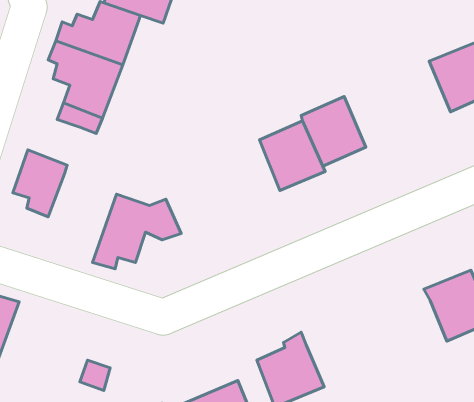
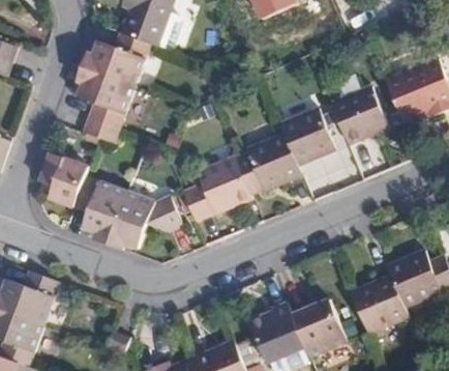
building: none -> [332,88,388,145]
building: none -> [185,152,253,221]
building: none -> [78,172,133,245]
building: none -> [348,276,408,337]
building: none -> [289,295,342,353]

